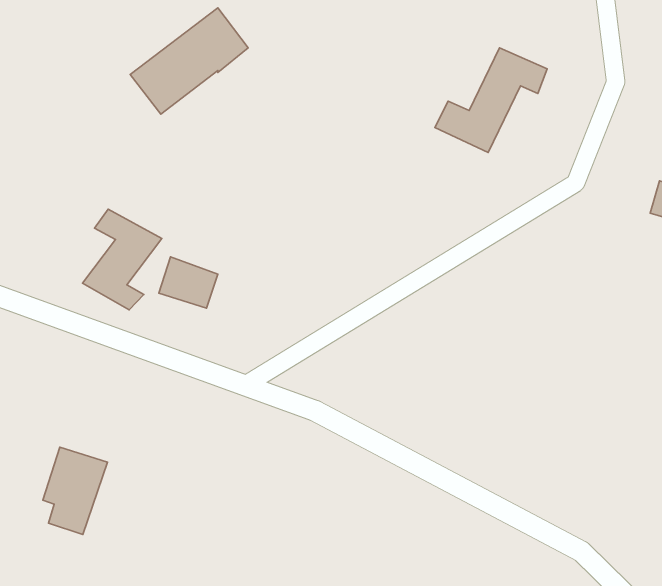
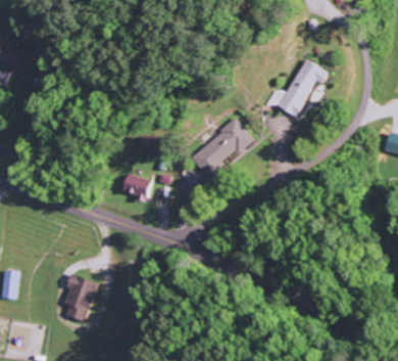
building: [130,8,248,114] -> [193,119,256,176]
building: [83,209,162,310] -> none

